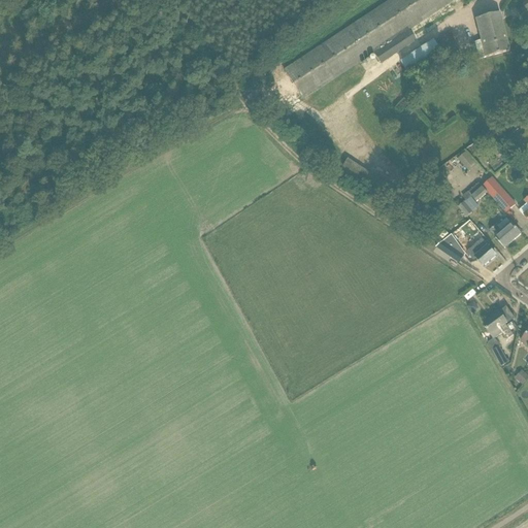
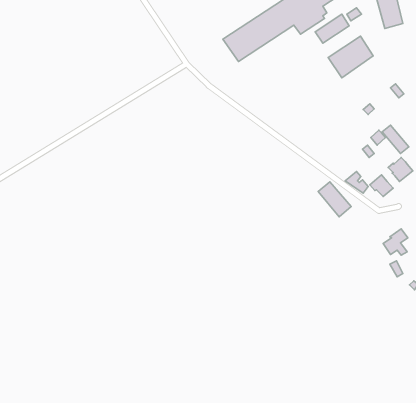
building: none -> [328,36,373,78]
building: none -> [318,182,351,217]

